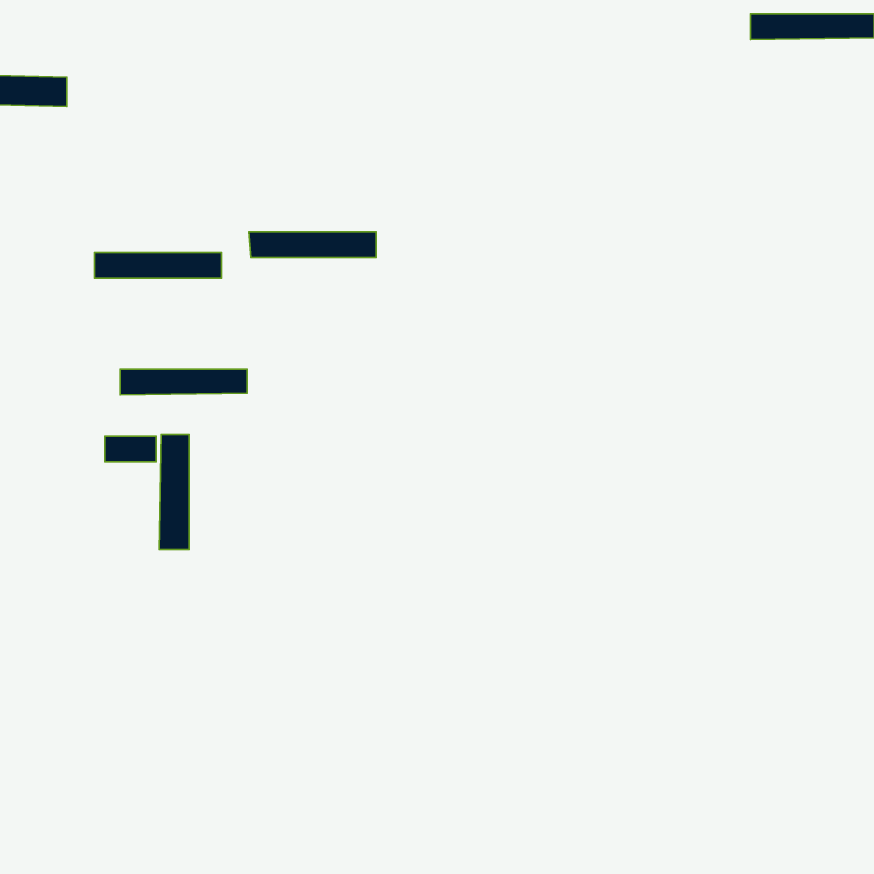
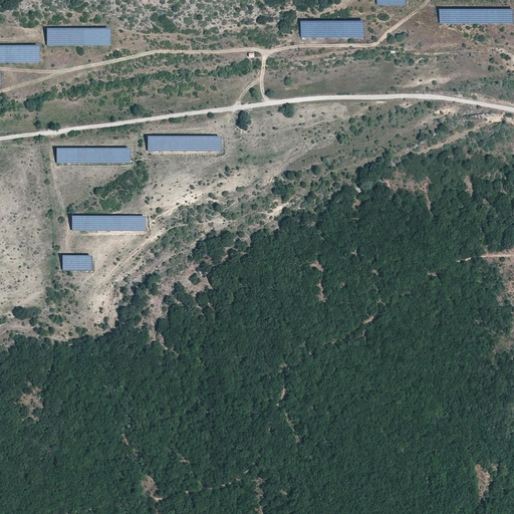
building: none -> [300,20,363,37]
building: none -> [45,28,109,45]
building: [159,435,189,549] -> none

